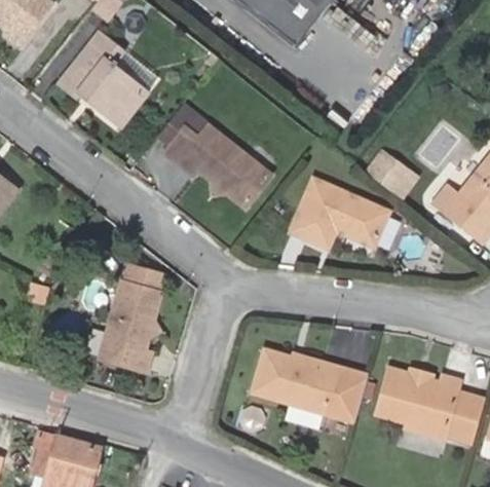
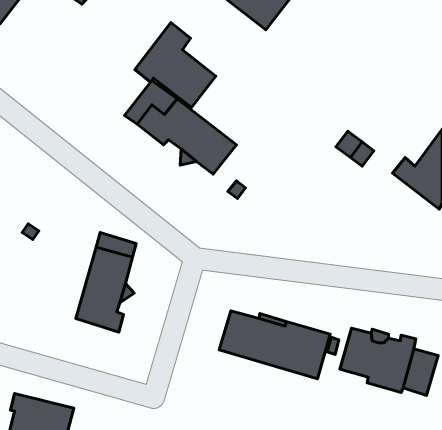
building: [62,33,147,122] -> [135,23,216,108]
building: [291,177,385,245] -> none

